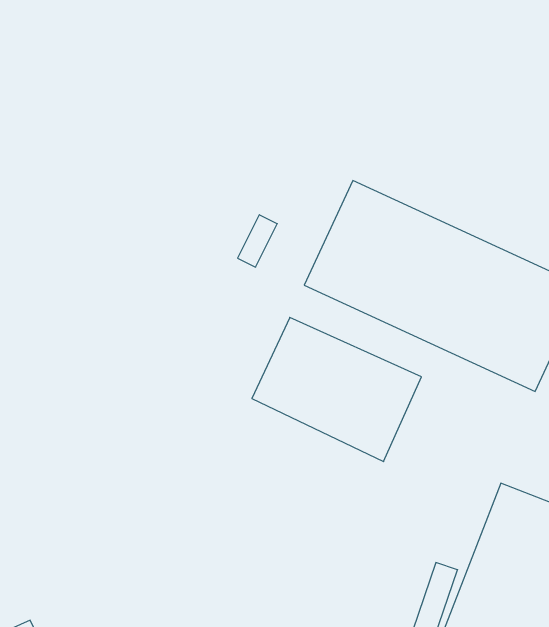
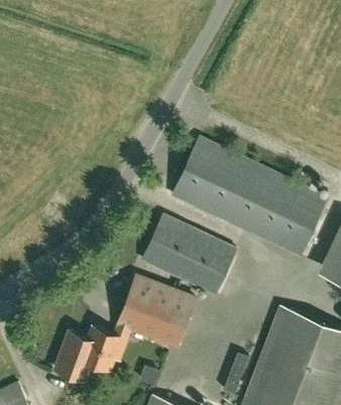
building: none -> [54,275,195,378]

